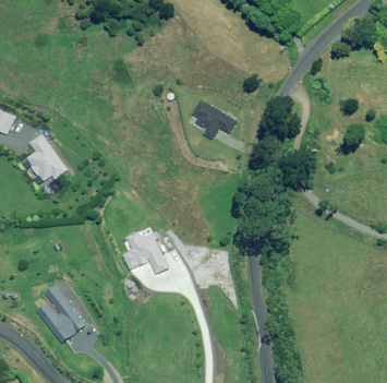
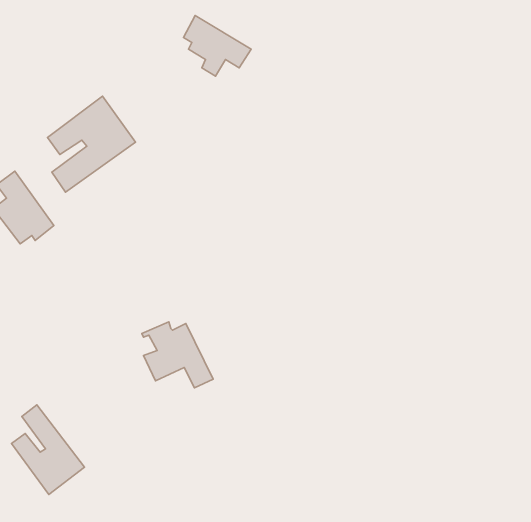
building: none -> [47,96,135,192]
building: [193,98,237,137] -> [183,15,251,76]

